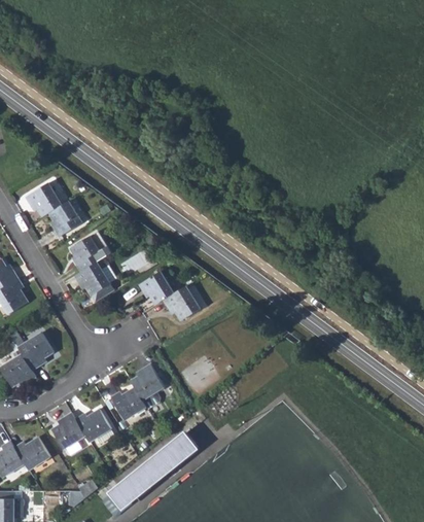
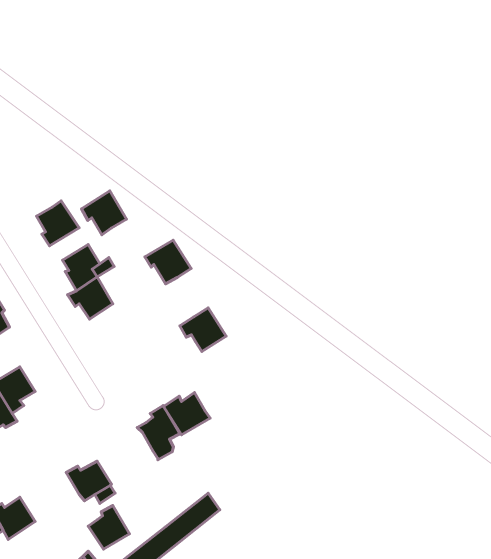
building: [27,182,63,217] -> [81,191,126,235]
building: [139,270,176,305] -> [145,240,191,284]
building: [110,385,147,419] -> [164,392,210,435]
building: [51,412,84,447] -> [88,506,129,549]

